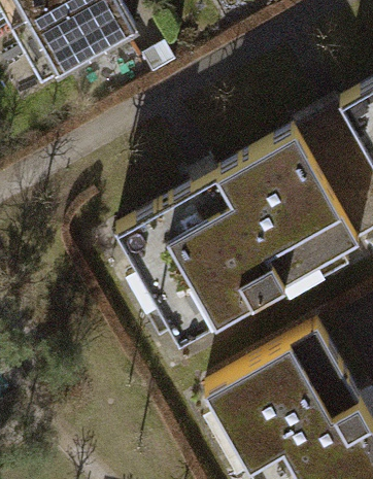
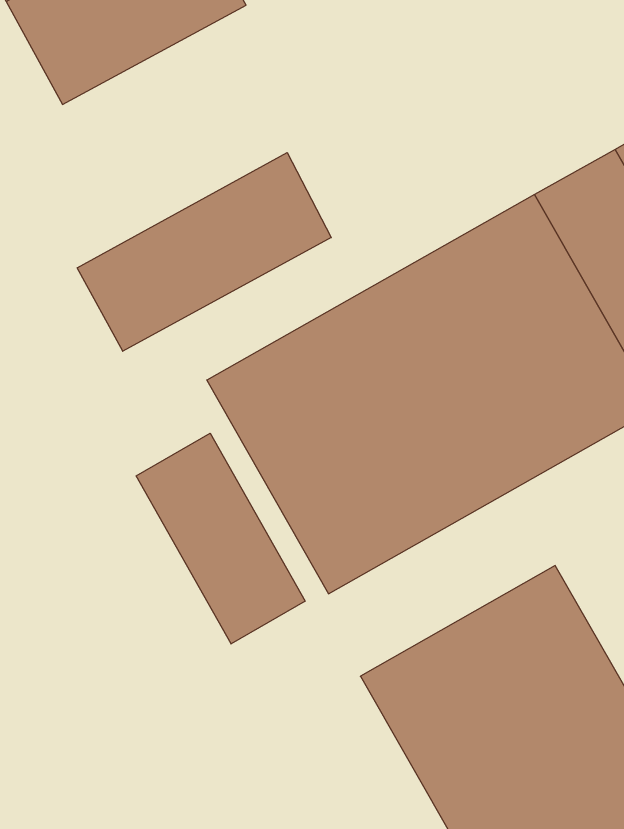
building: none -> [77,153,331,351]
building: none -> [136,433,305,644]

